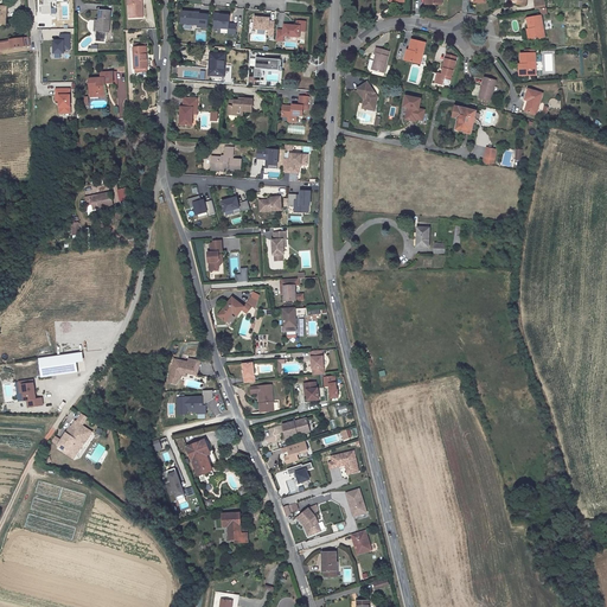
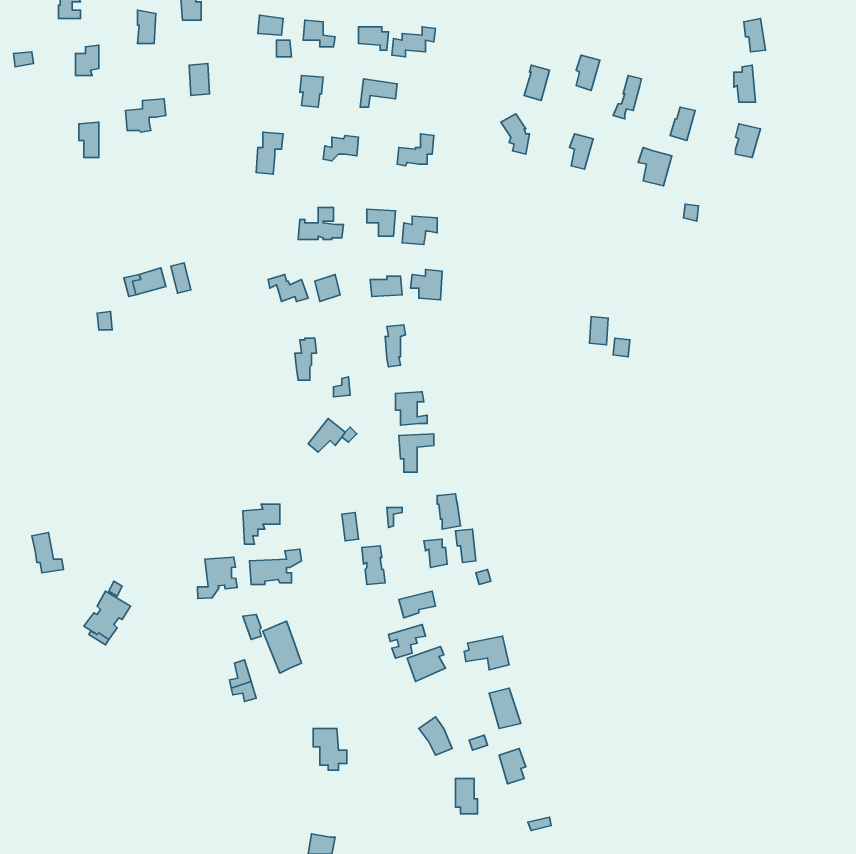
building: [39,350,79,375] -> none
building: none -> [198,557,237,598]

